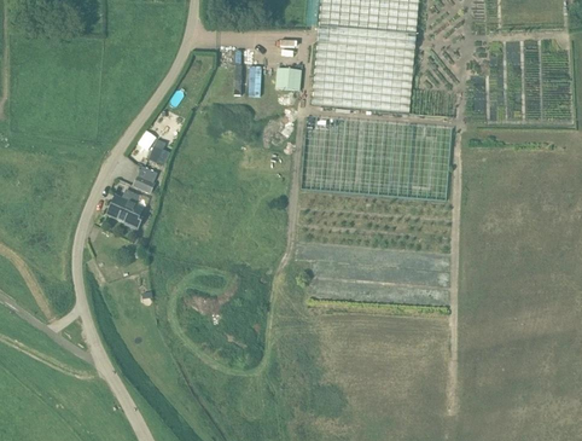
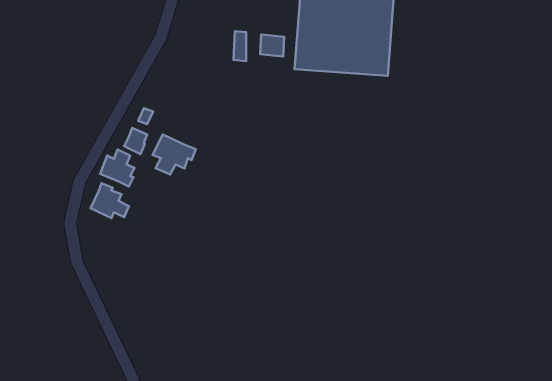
building: none -> [152,134,196,175]
building: none -> [91,183,129,218]

